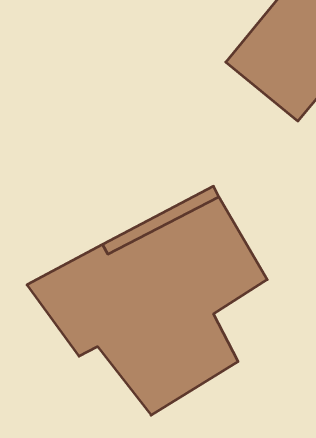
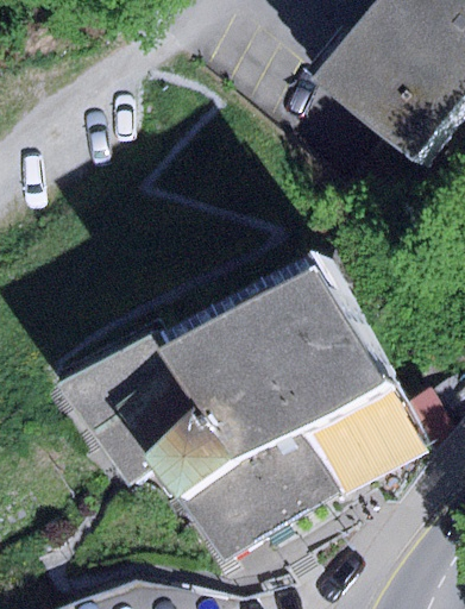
building: none -> [312,379,426,490]

